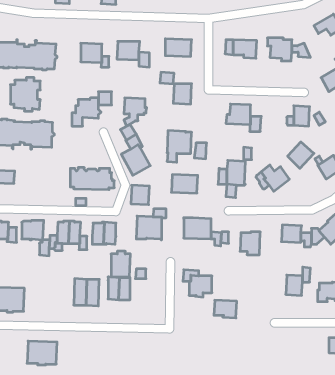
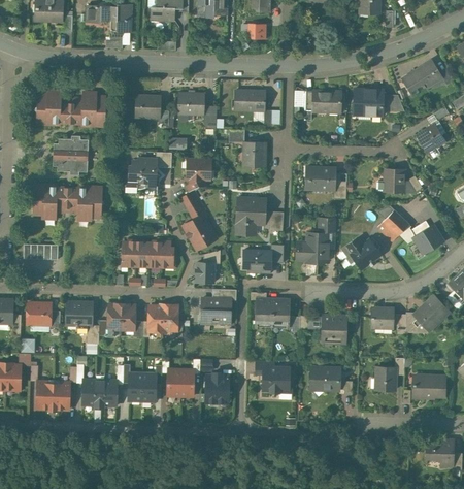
building: [111,251,130,277] -> [205,372,228,402]
building: [214,300,237,318] -> [312,368,339,389]
building: [27,341,57,365] -> [81,379,117,406]

